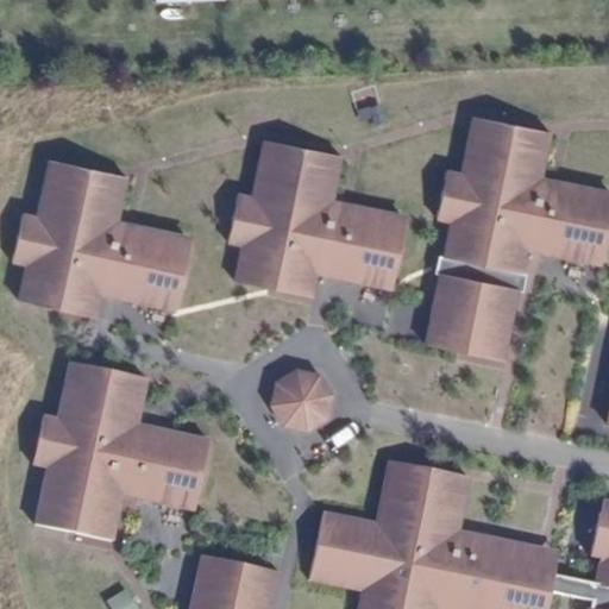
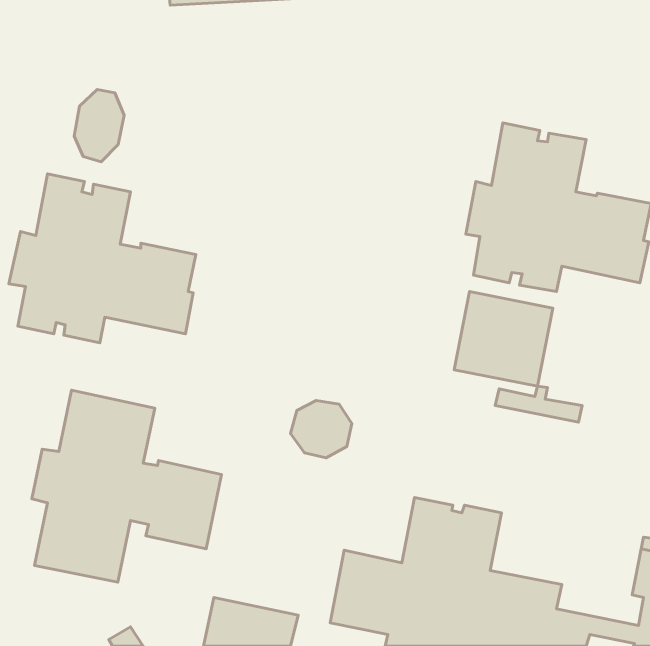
building: none -> [74,89,124,162]
building: [228,140,402,296] -> none
building: [440,253,521,287] -> [495,386,582,422]

